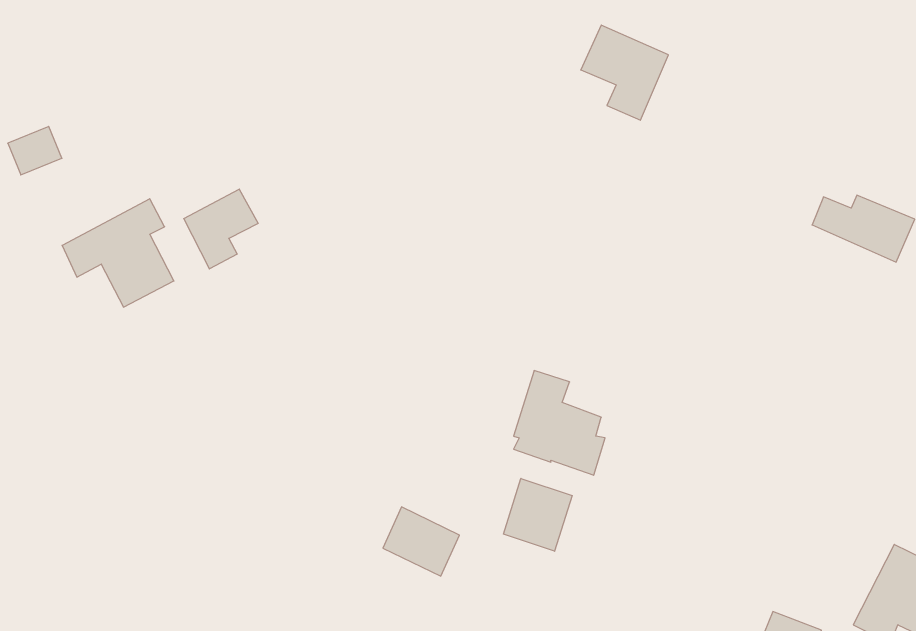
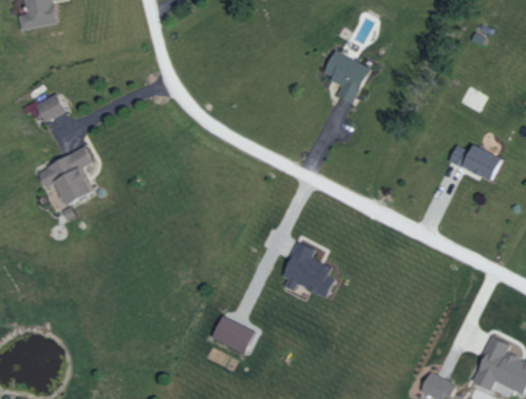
building: [8,126,62,175] -> [35,94,65,120]
building: [184,189,258,269] -> none
building: [503,478,572,551] -> none

